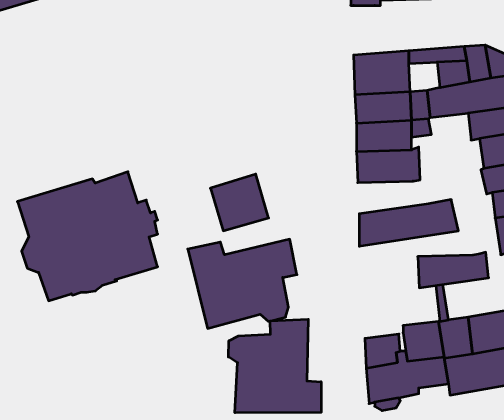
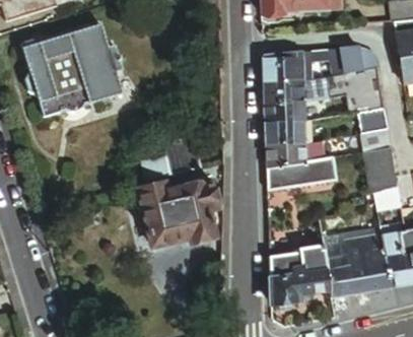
building: [17,172,158,301] -> [23,24,124,117]
building: [418,252,489,288] -> [265,141,316,166]
building: [228,319,321,413] -> none

